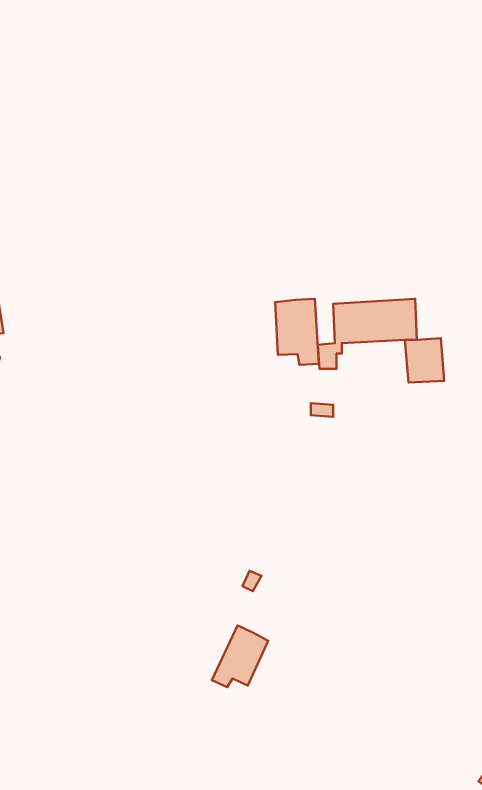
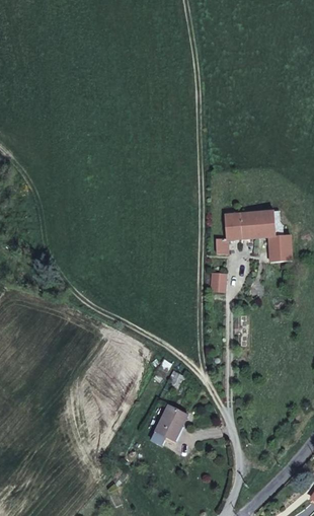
building: [275,299,319,365] -> none

